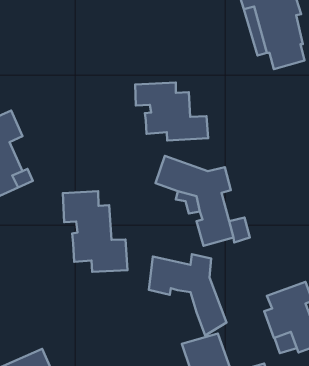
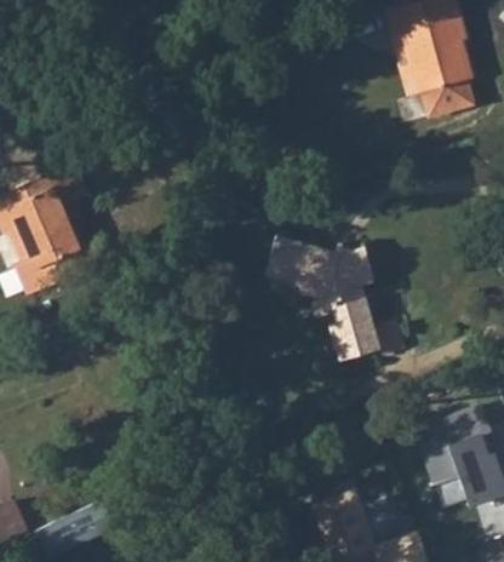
building: [135,82,208,140] -> none
building: [63,191,127,272] -> none
building: [149,254,227,336] -> none

